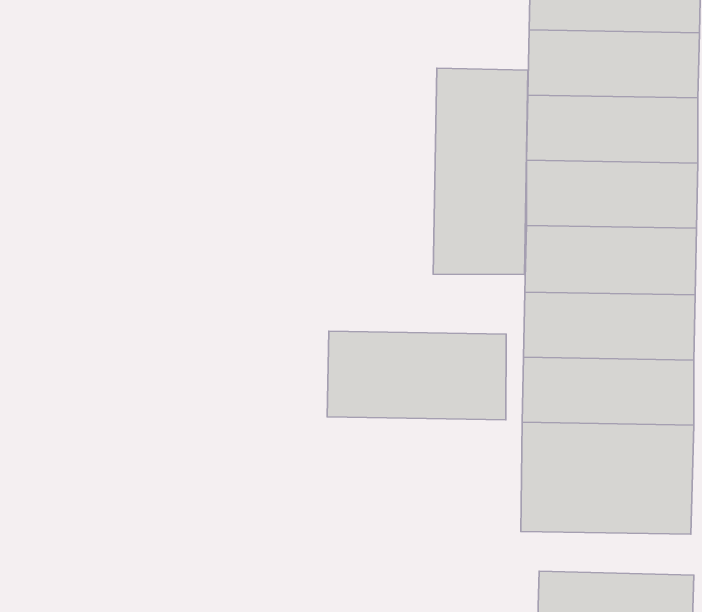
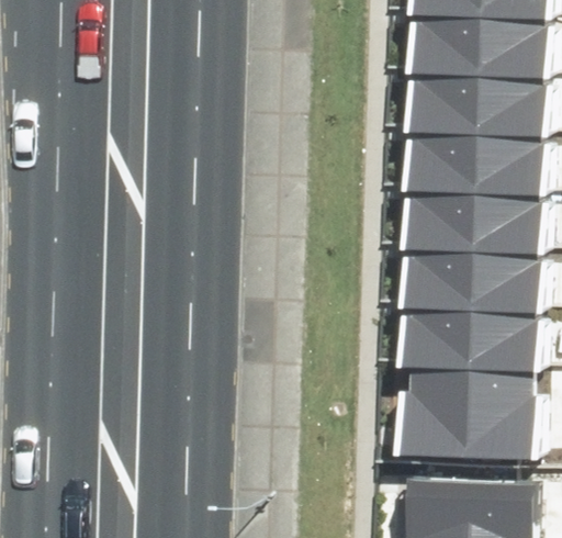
building: [433,68,528,274] -> none
building: [327,331,506,420] -> none

